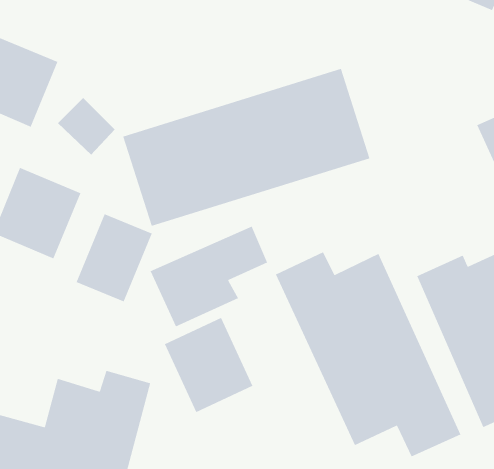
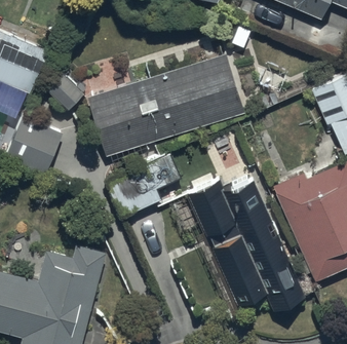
building: [75,213,153,302] -> none
building: [164,317,254,413] -> none

